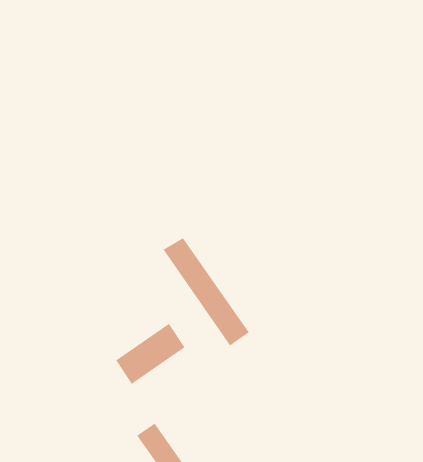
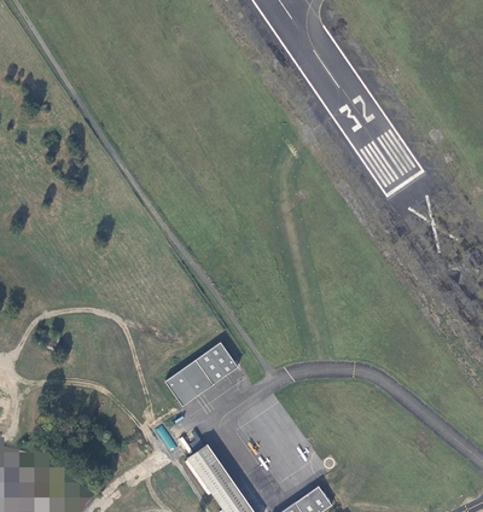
building: [162,237,250,347] -> none

